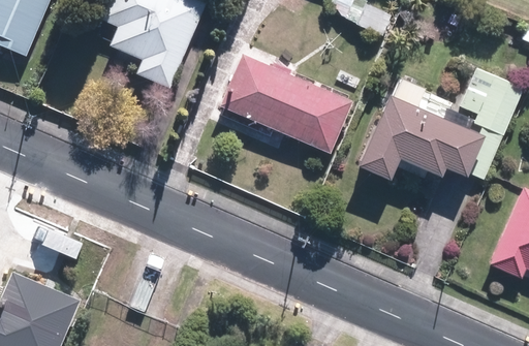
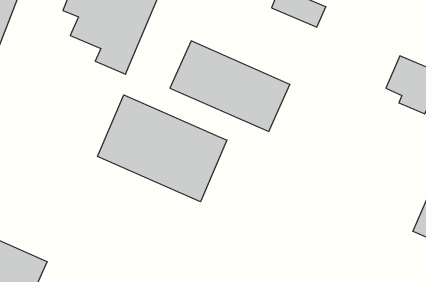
building: [360,76,501,181] -> none
building: none -> [98,95,227,202]

